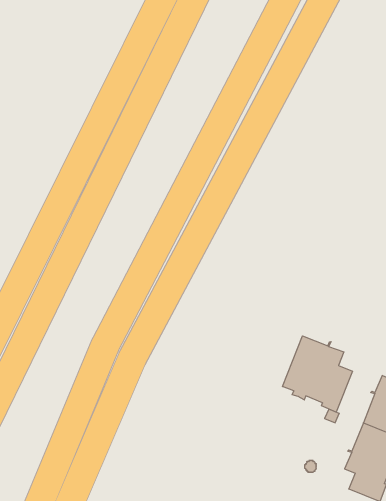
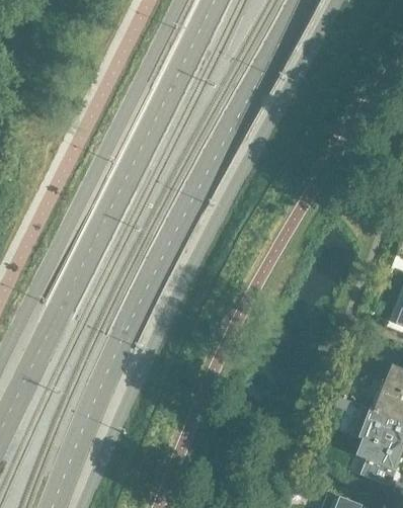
building: [283,336,353,412] -> none

